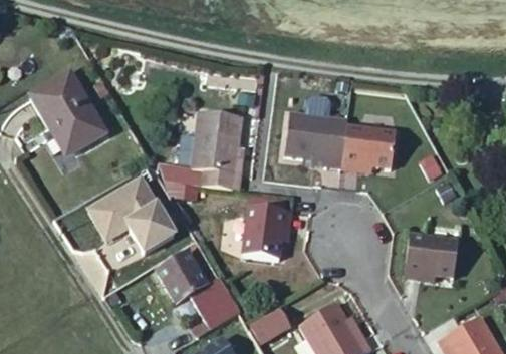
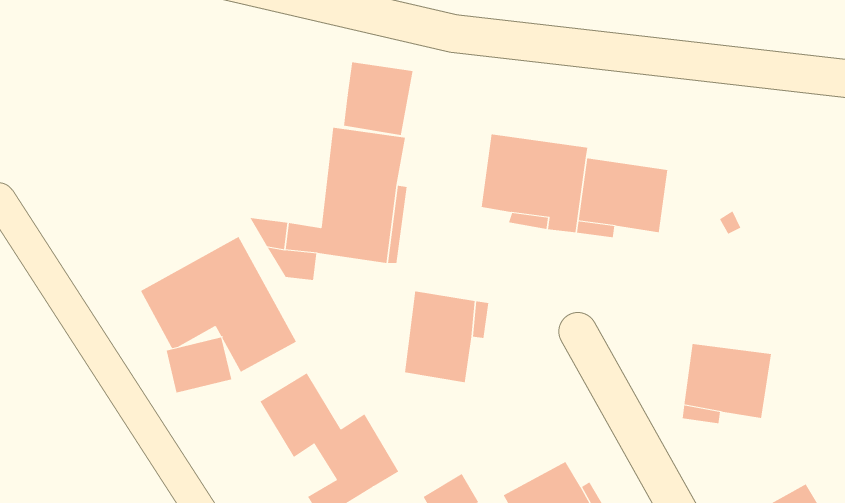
building: none -> [344,61,413,136]
building: [30,71,102,150] -> none

